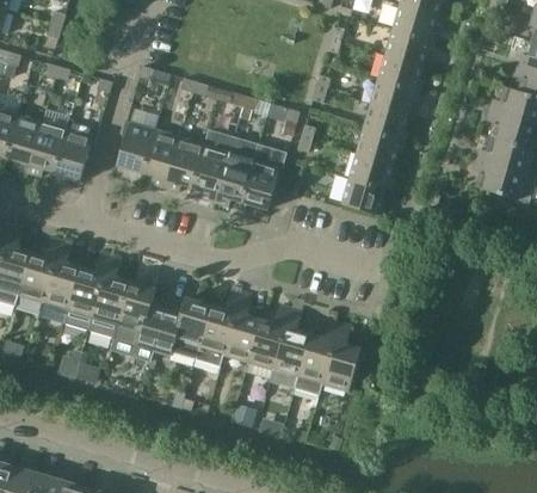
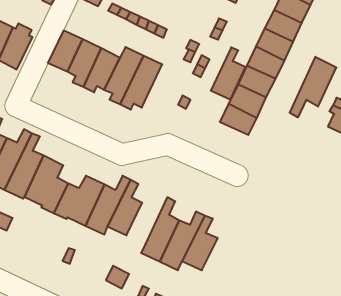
building: none -> [290,57,336,117]
building: [241,143,279,208] -> [211,47,245,99]
building: [245,304,290,378] -> none

